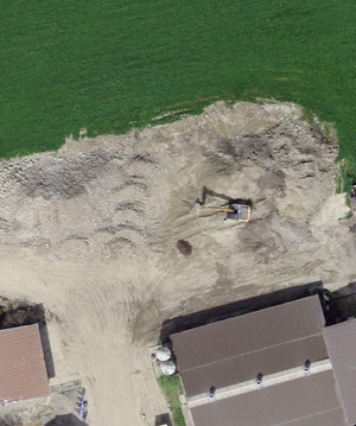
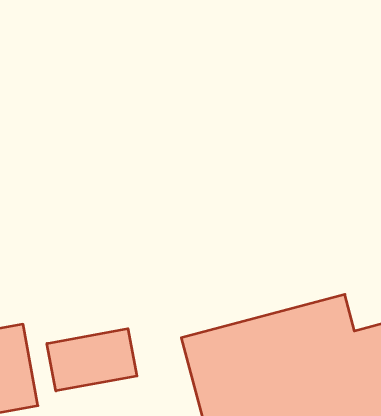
building: none -> [47,329,137,391]

